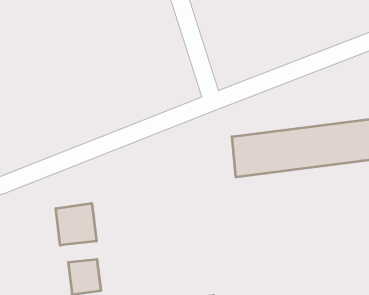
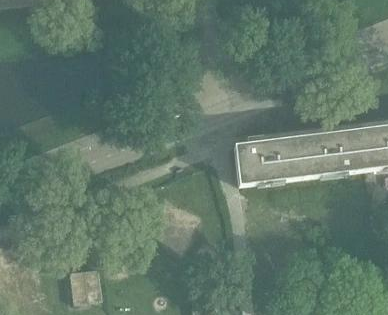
building: [56,203,96,245] -> none

